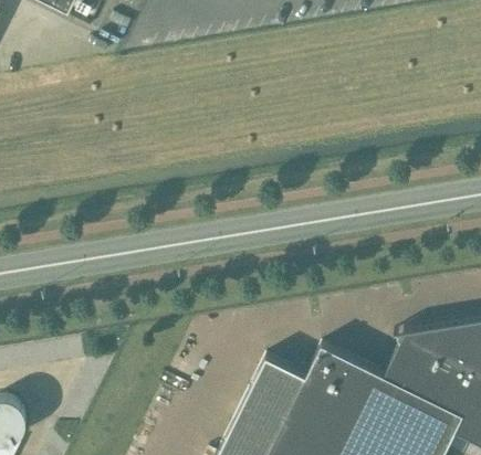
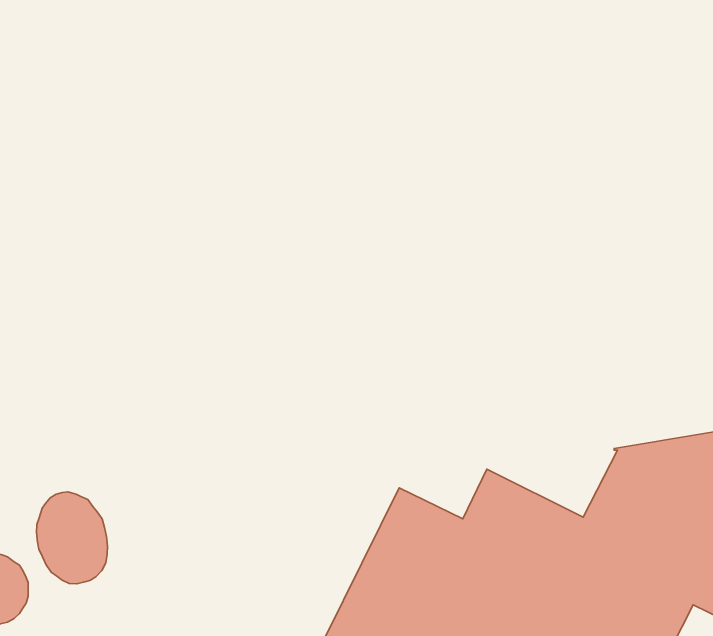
building: none -> [37,492,107,584]

